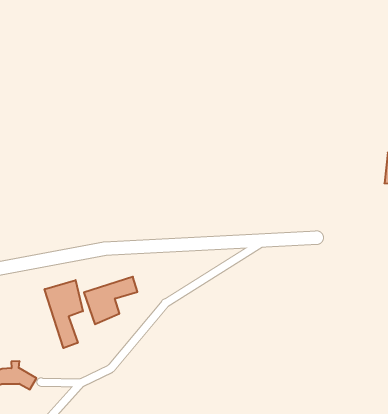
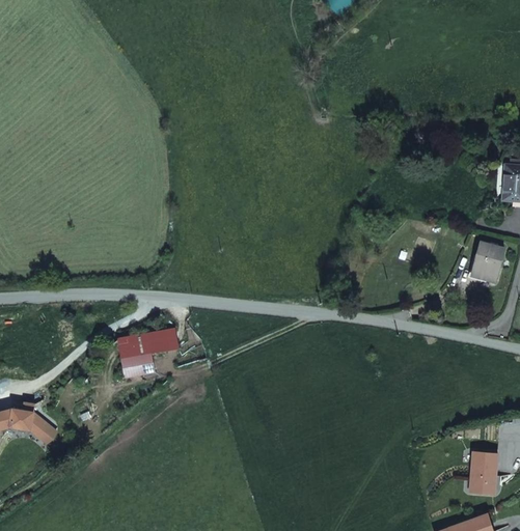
building: [45,280,83,348] -> none

